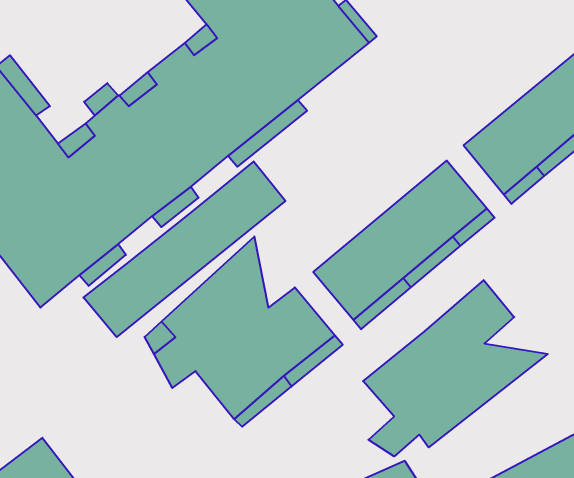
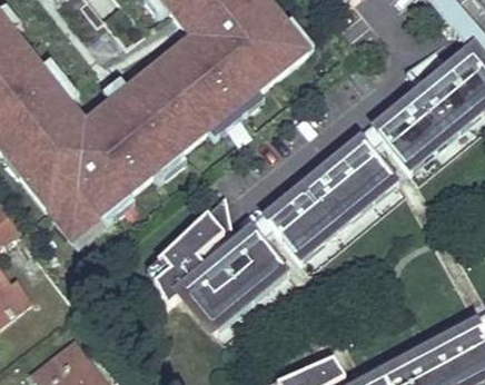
building: [83,161,285,337] -> none
building: [363,280,548,456] -> none

